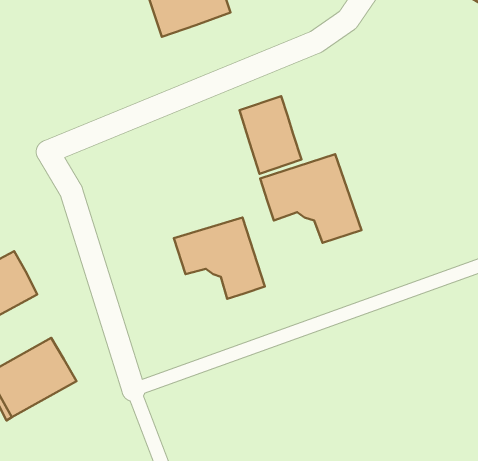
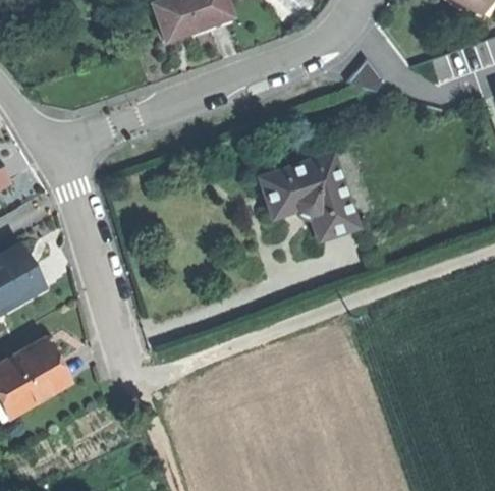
building: [239,96,301,174] -> none
building: [174,217,265,299] -> none

